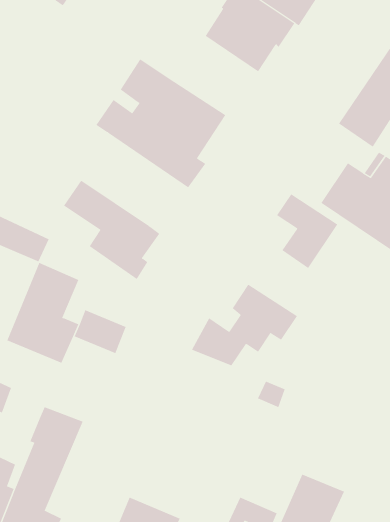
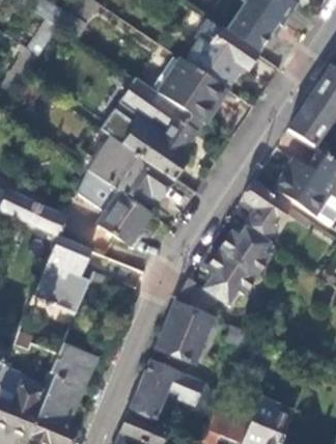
building: none -> [158,57,229,124]
building: none -> [77,135,173,206]
building: none -> [219,225,270,276]
building: none -> [156,302,215,363]
building: none -> [131,358,205,418]

